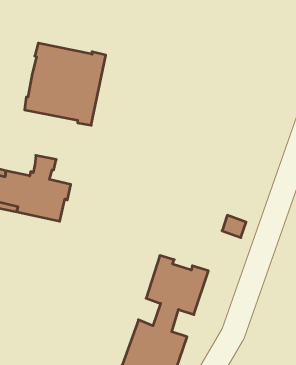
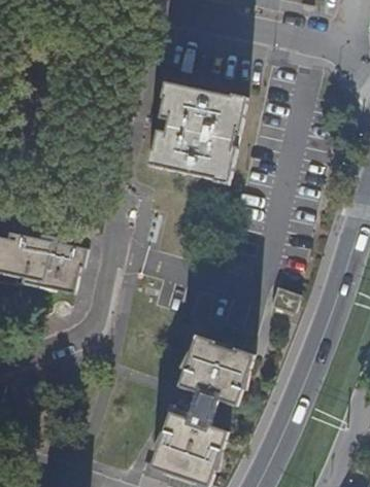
building: [25,43,106,125] -> [148,85,246,184]

